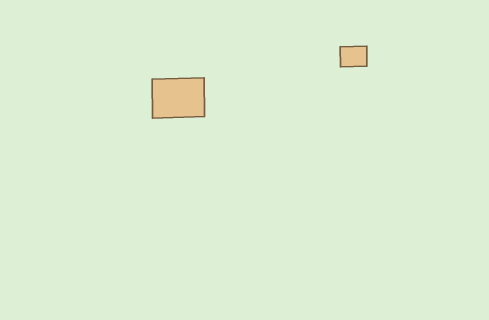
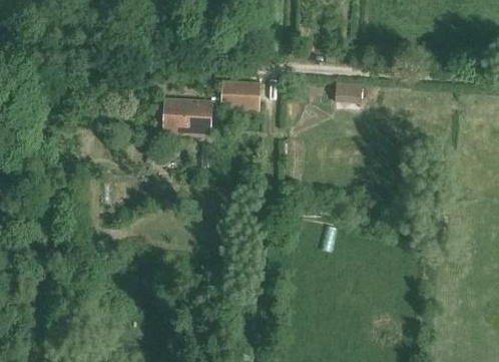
building: none -> [220,79,260,110]

